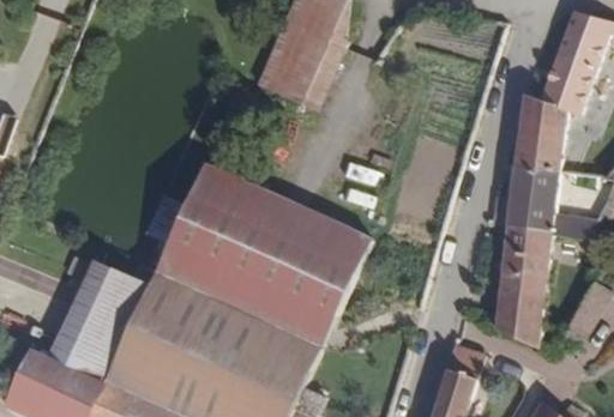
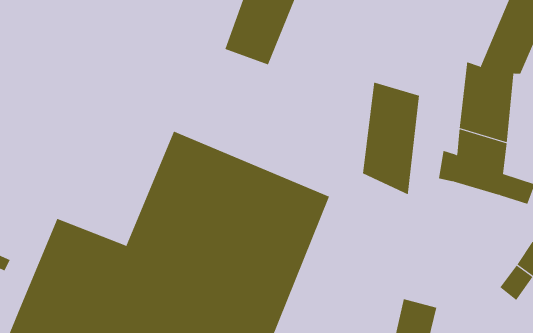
building: [489,223,550,343] -> [362,82,420,195]

